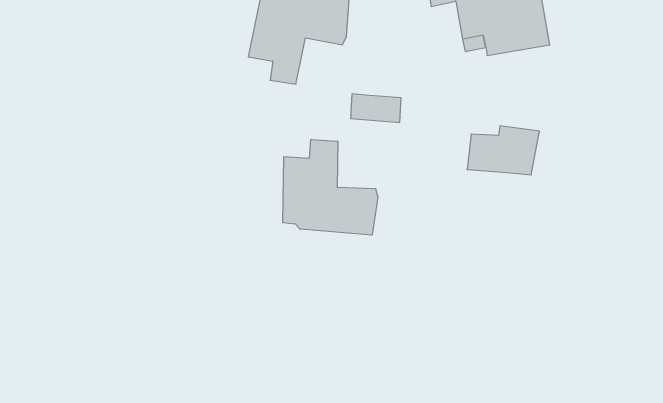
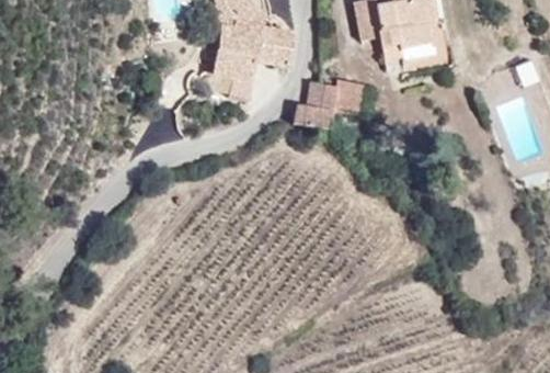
building: [467,126,540,175] -> [305,72,363,112]
building: [283,139,378,235] -> none

